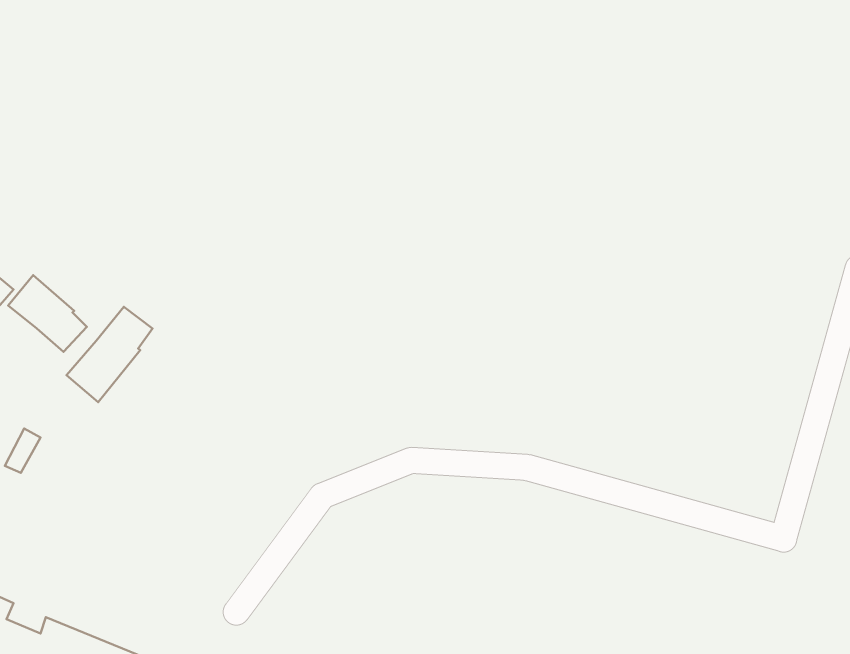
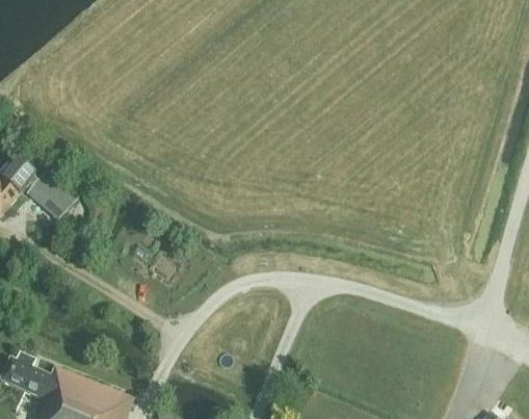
building: [67,307,153,402] -> none

